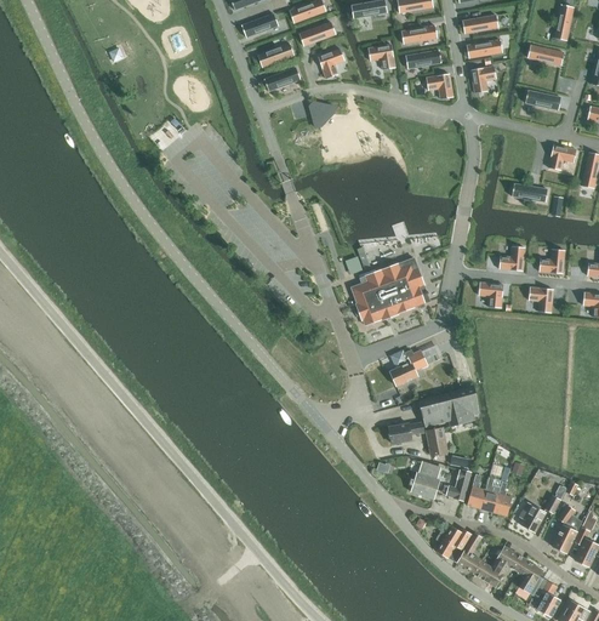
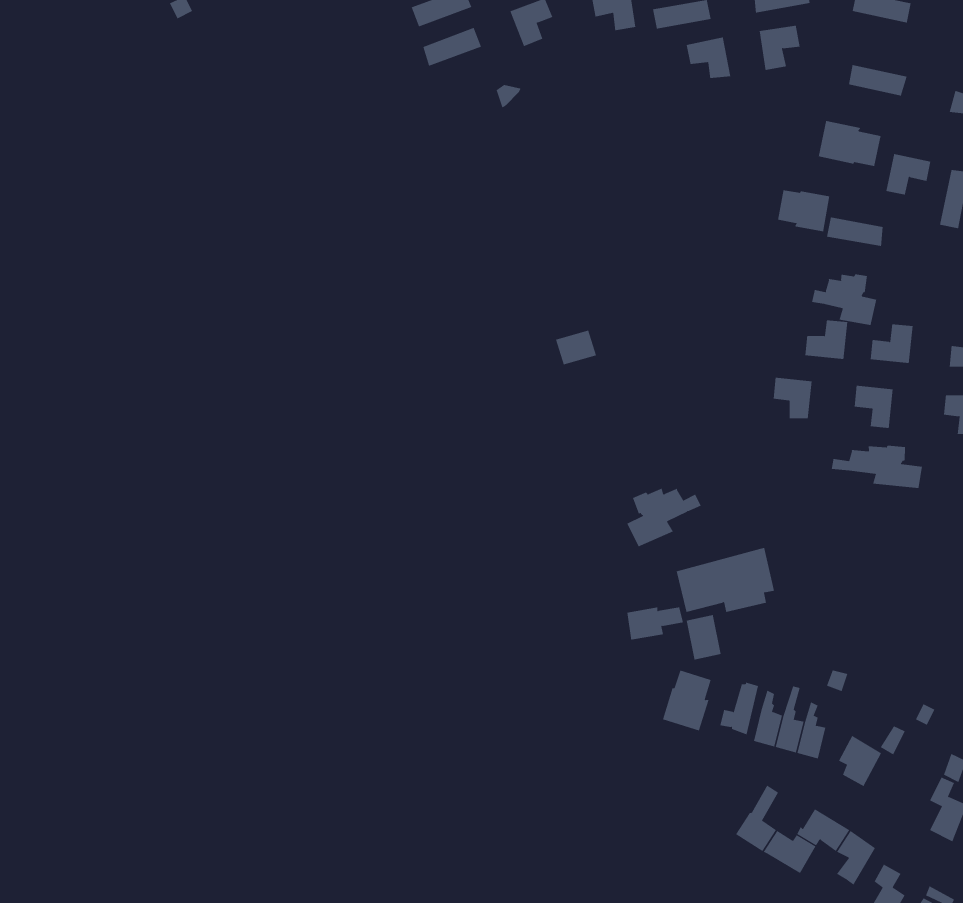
building: none -> [818,120,881,167]
building: none -> [778,190,830,232]
building: none -> [812,273,877,326]
building: [350,257,429,325] -> none
building: none -> [831,445,922,489]
building: [553,505,581,552] -> none
building: [437,525,472,558] -> none

